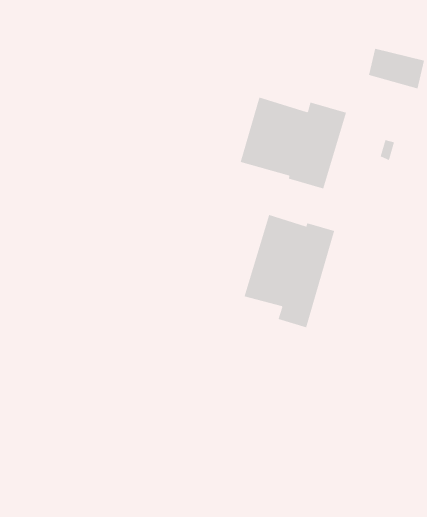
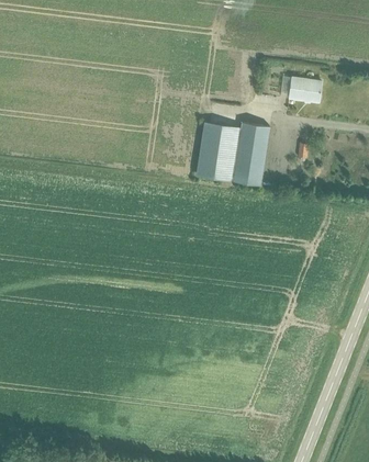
building: [244,214,335,328] -> none

